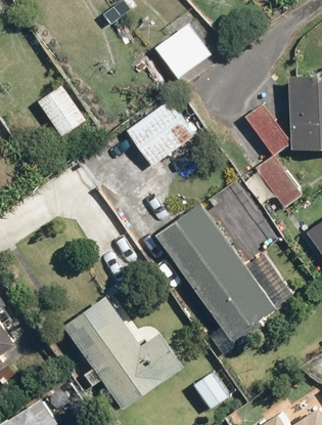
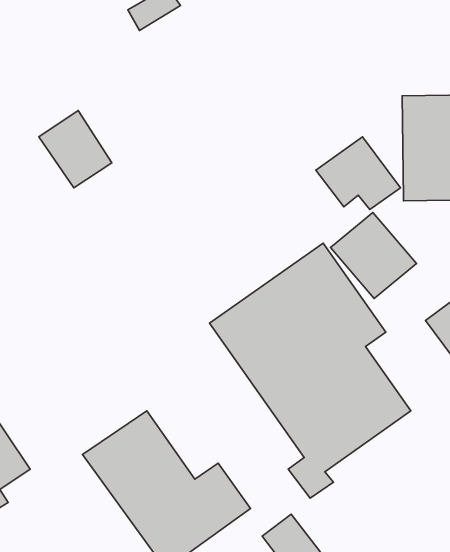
building: [153,24,210,79] -> none
building: [121,100,191,170] -> none

